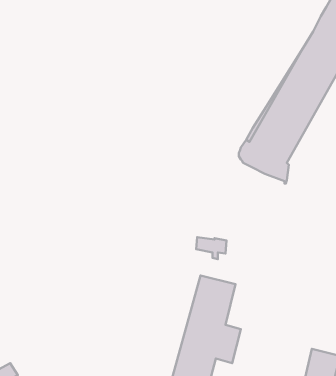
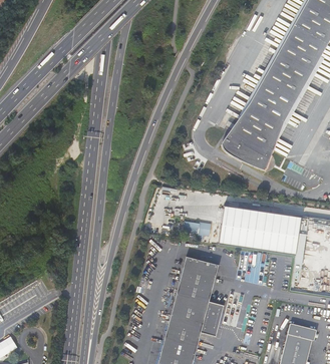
building: none -> [220,205,300,256]

